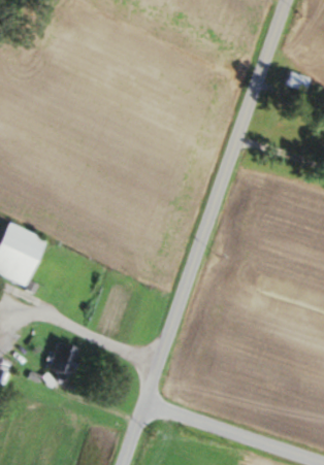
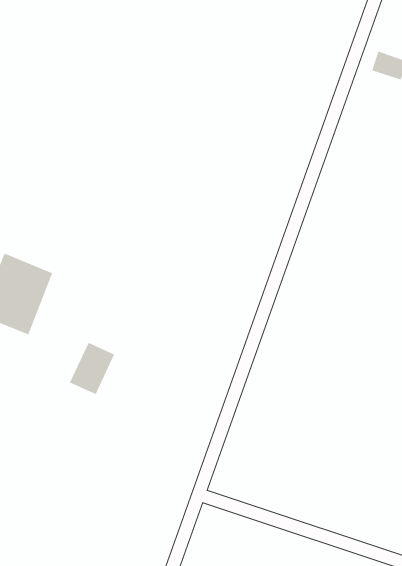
building: [47,341,83,381] -> [69,342,115,395]

